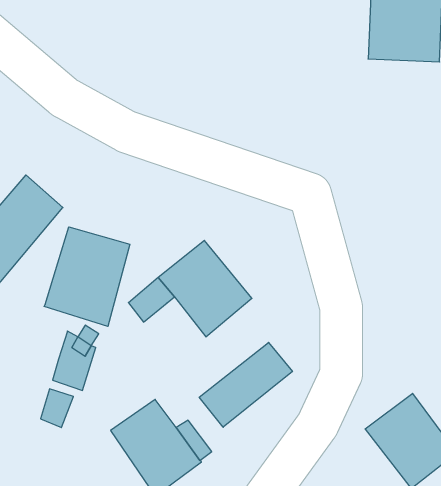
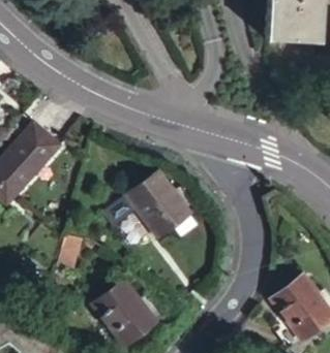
building: [44,227,130,326] -> none
building: [199,342,292,427] -> none

